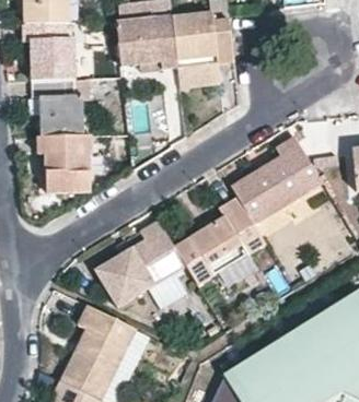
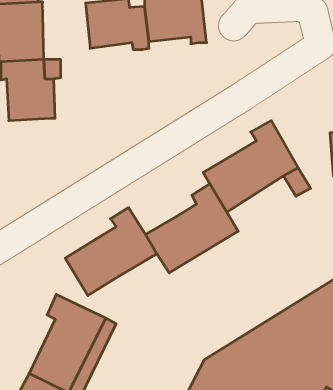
building: [176,56,218,87] -> none
building: [37,134,91,193] -> none
building: [147,265,196,307] -> none

